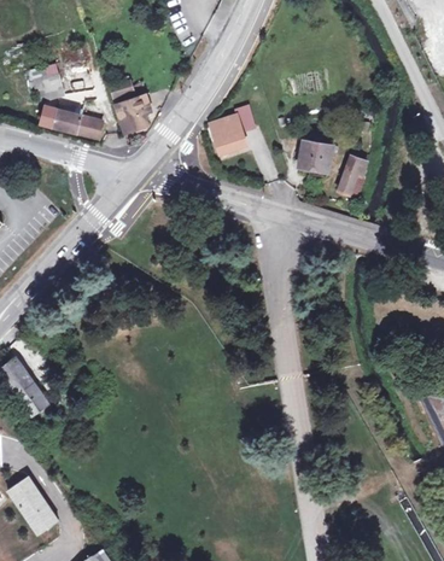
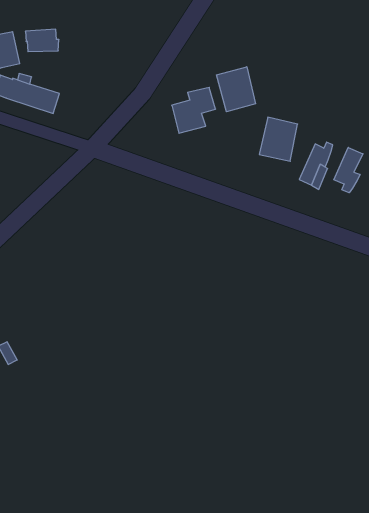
building: [109,81,151,134] -> none
building: none -> [216,67,256,112]
building: none -> [334,147,363,193]

